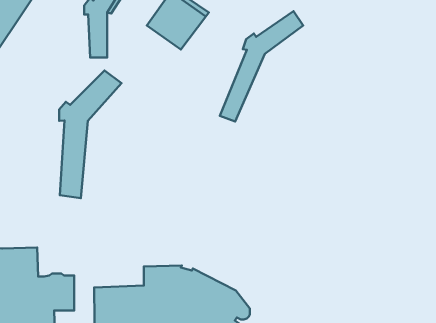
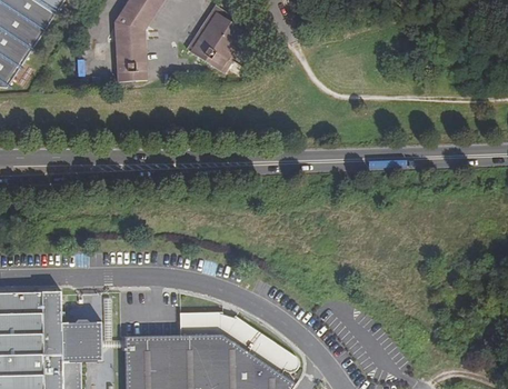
building: [220,11,303,122] -> none
building: [59,70,122,198] -> none

